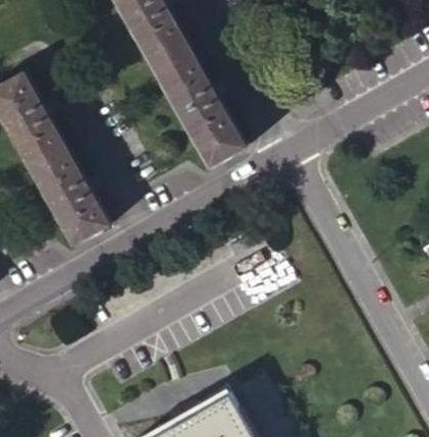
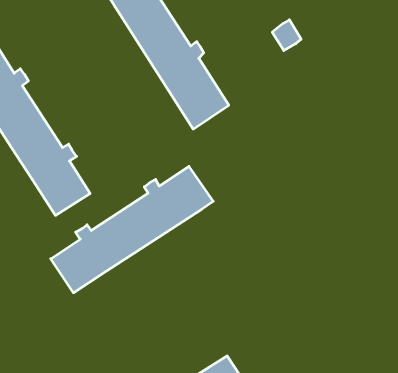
building: none -> [51,166,213,293]

